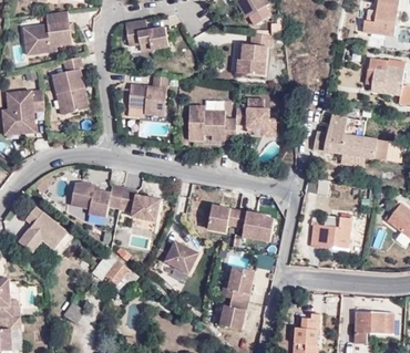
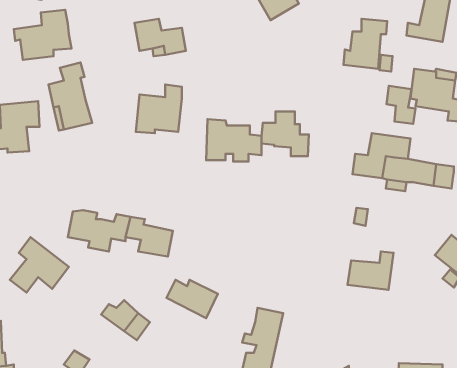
building: [235,32,273,75] -> [344,19,387,69]
building: none -> [387,86,416,124]
building: [208,206,275,242] -> none

